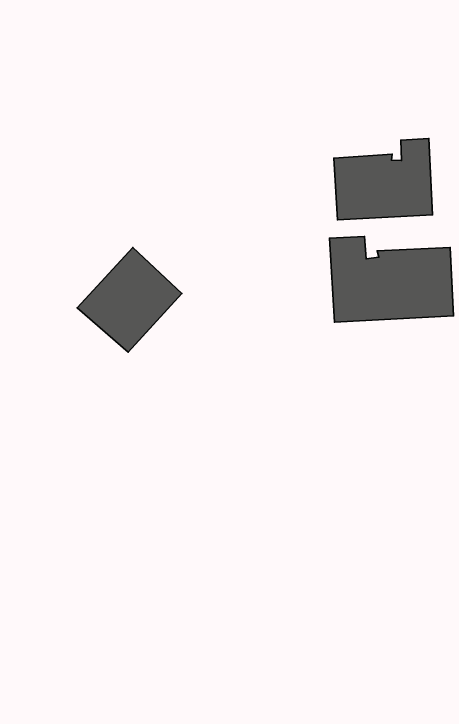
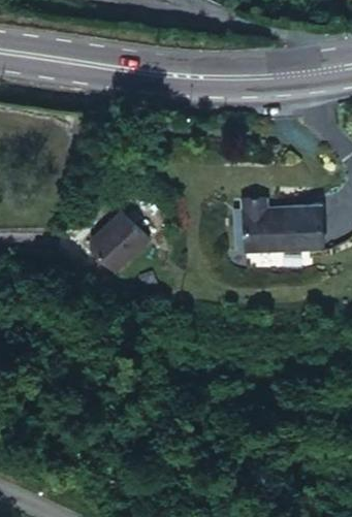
building: [334,139,433,220] -> none

